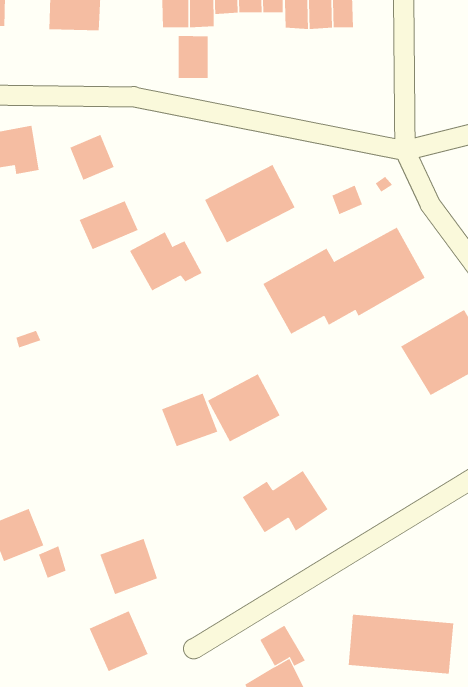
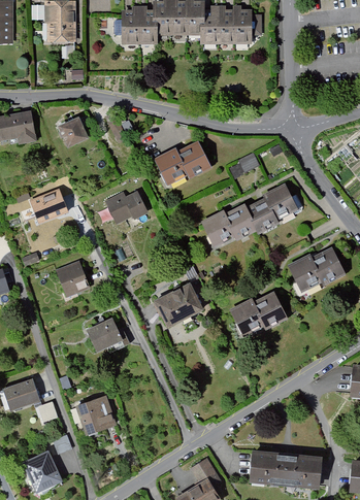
building: [178,35,208,79] -> none
building: [79,200,139,250] -> [27,190,68,224]
building: none -> [53,258,89,297]
building: [161,393,218,447] -> [88,318,127,355]
building: [242,470,329,533] -> [233,291,293,334]
building: [89,611,149,672] -> [20,449,61,492]

